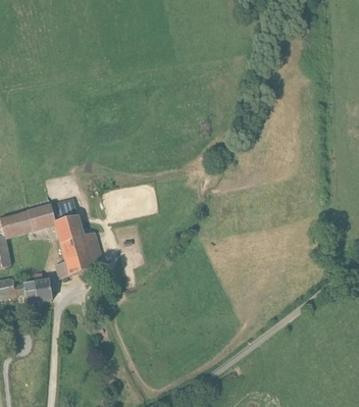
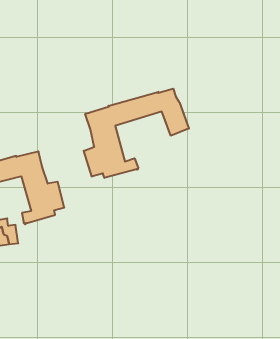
building: none -> [84,89,189,178]

